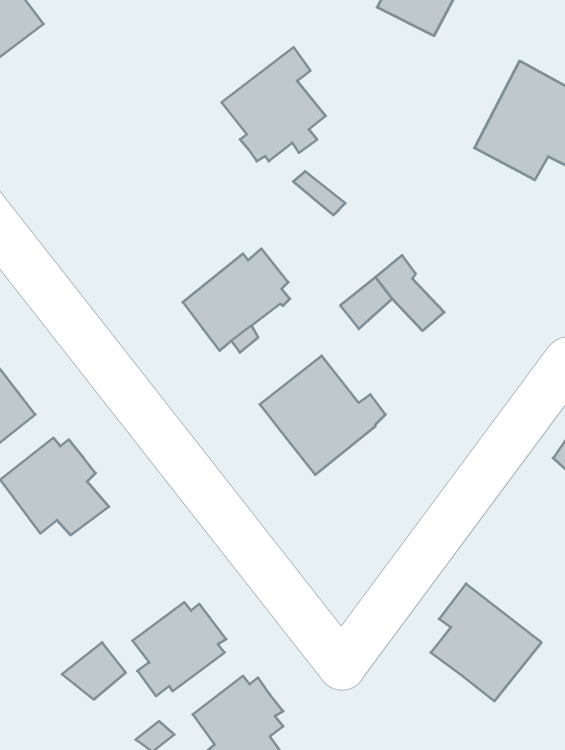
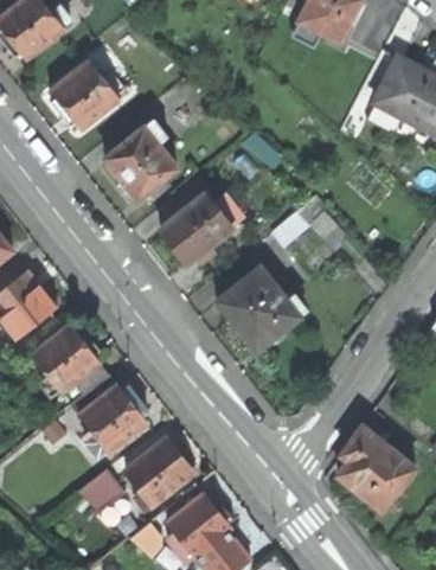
building: [222,47,326,161] -> [103,120,177,200]
building: none -> [51,64,117,129]
building: none -> [70,373,148,457]

